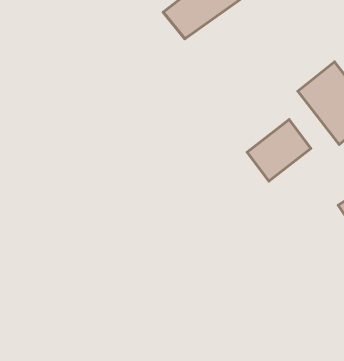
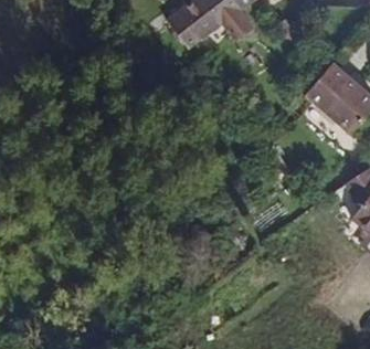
building: [247,120,311,181] -> none

